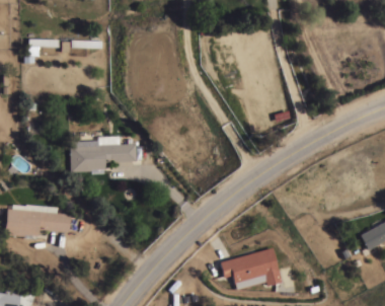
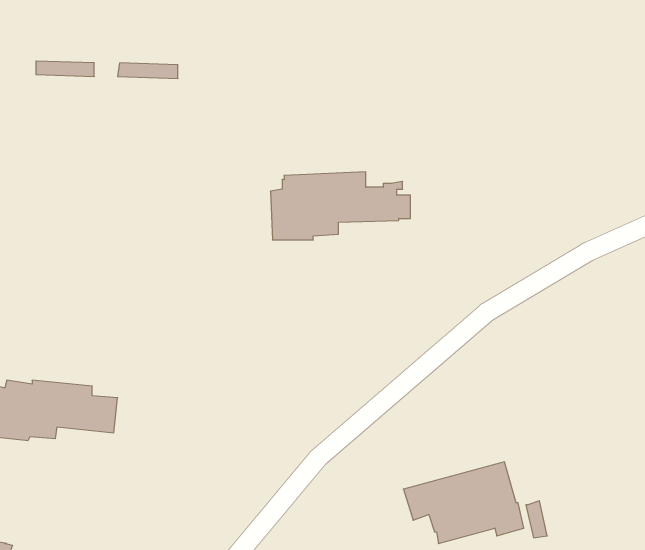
building: [70,137,143,172] -> [270,172,410,240]

